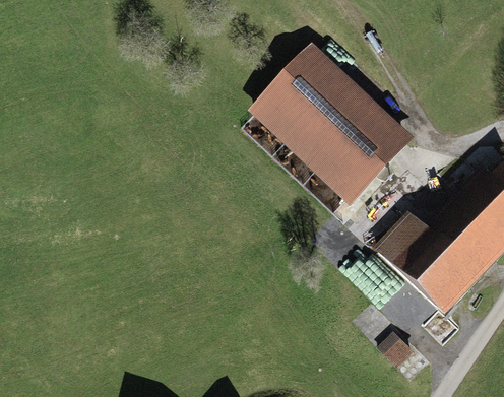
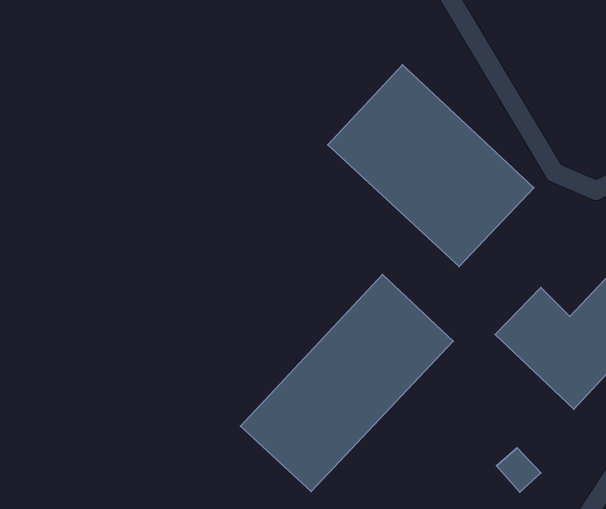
building: none -> [241,275,453,491]

